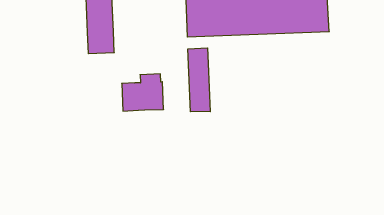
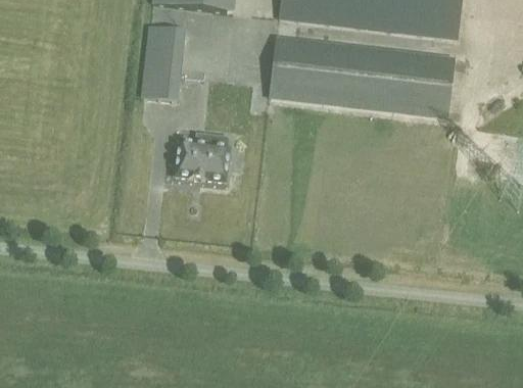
building: [188,48,210,112] -> none

